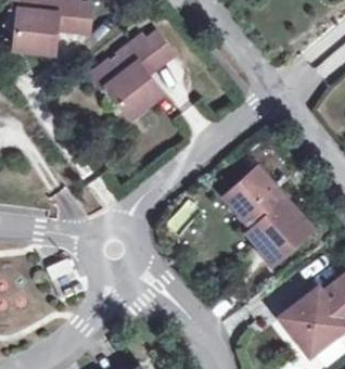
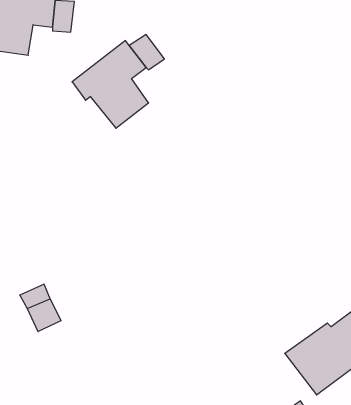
building: [223,168,308,263] -> none

